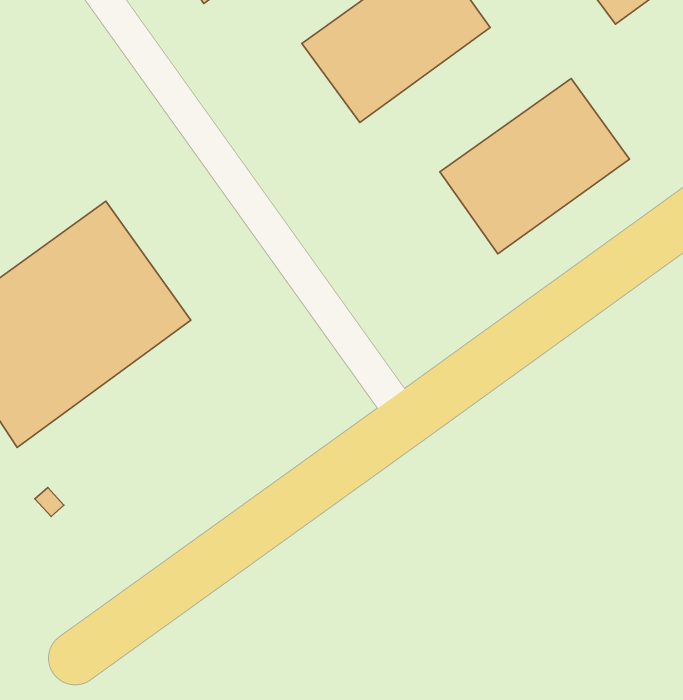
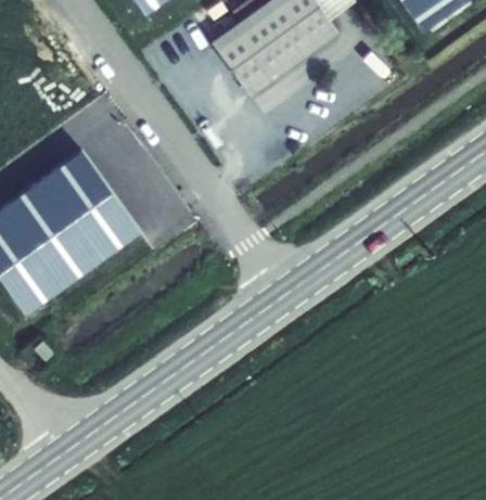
building: [440,79,630,254] -> none

